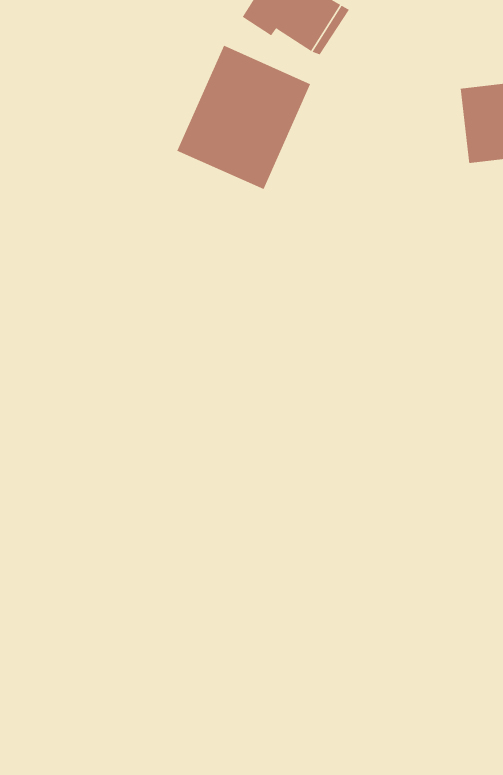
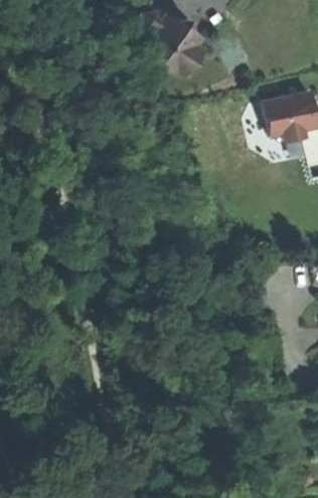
building: [177,45,311,190] -> none

